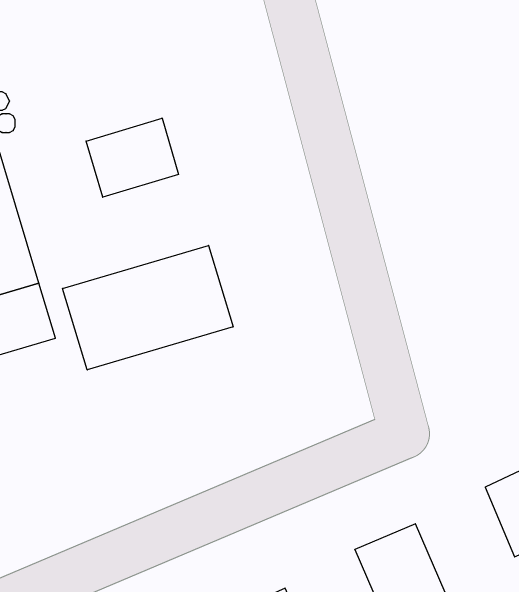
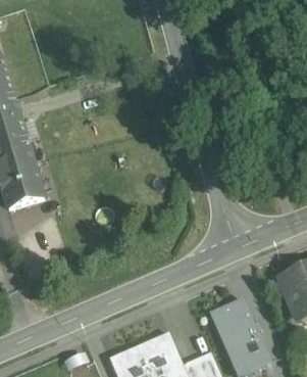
building: [86,118,179,197] -> none
building: [63,245,233,370] -> none

